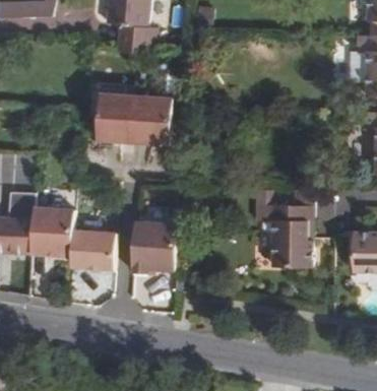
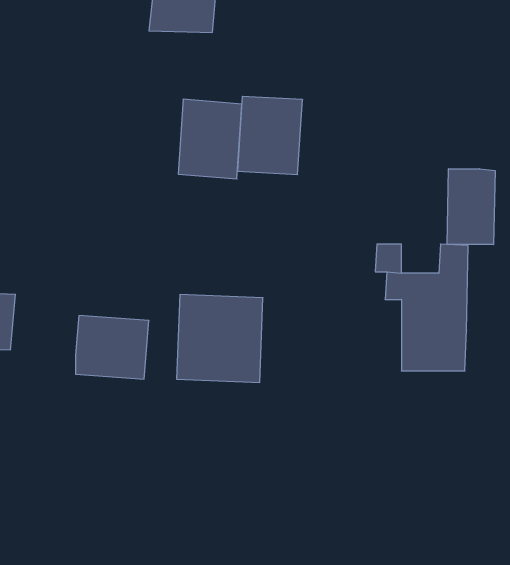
building: [95,94,135,143] -> [237,96,303,175]
building: none -> [447,169,495,245]
building: [27,208,72,256] -> none

